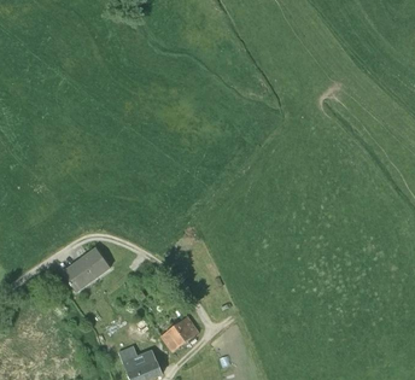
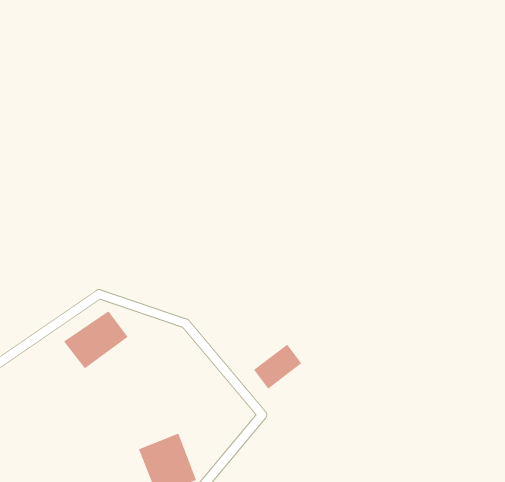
building: [162,318,198,352] -> [253,344,302,389]

